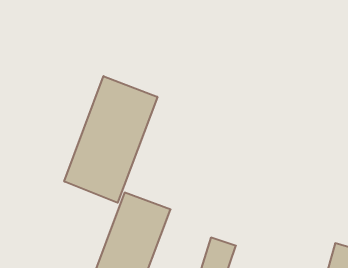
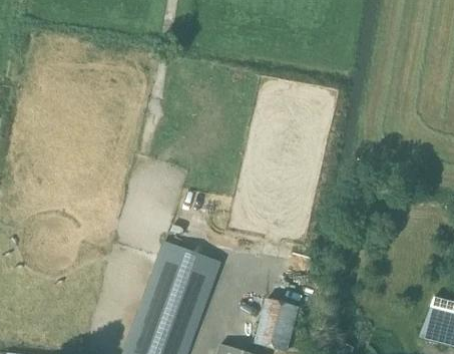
building: [64,76,157,203] -> none

